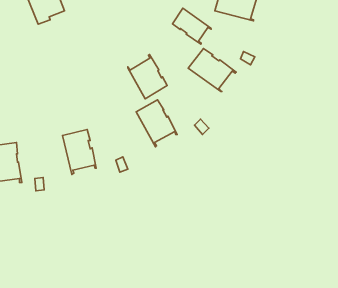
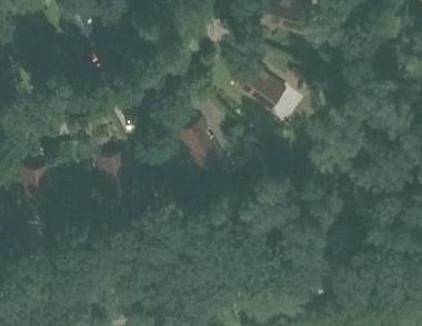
building: [173,8,211,44] -> none
building: [128,54,167,99] -> none

